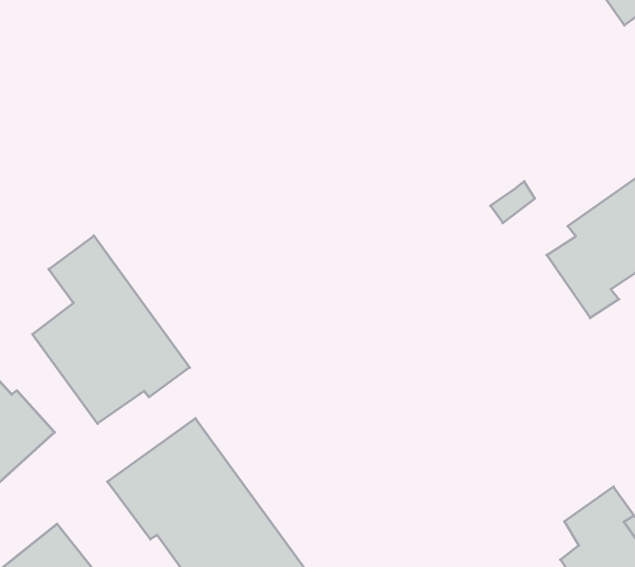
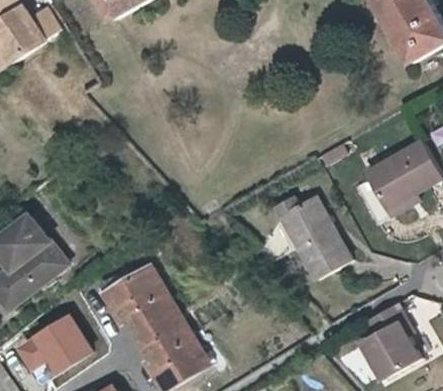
building: [33,236,190,424] -> none
building: none -> [273,194,350,276]

